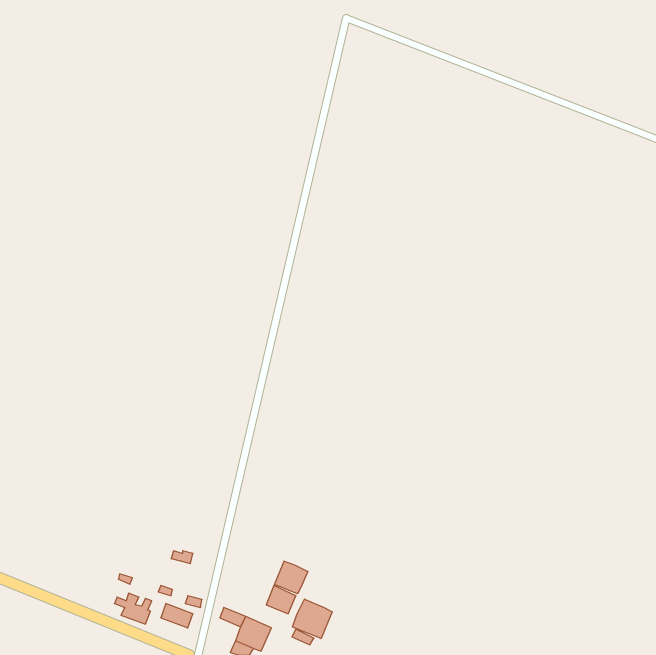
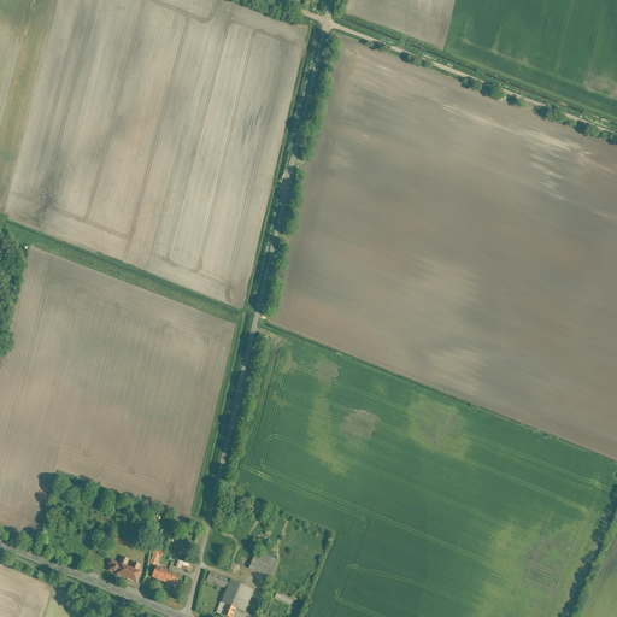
building: [275,561,308,594] -> none
building: [292,599,332,639] -> none

